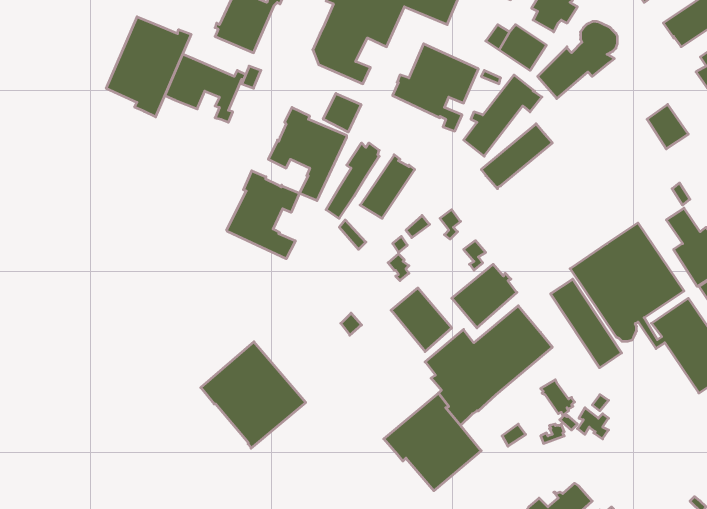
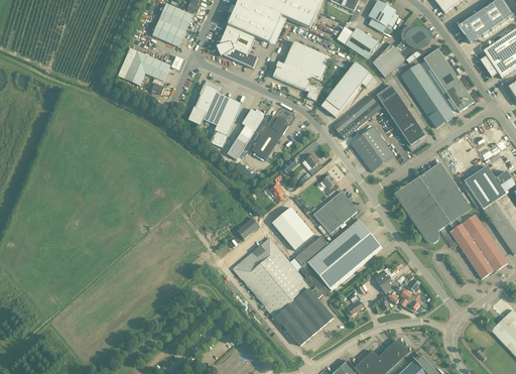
building: [106,17,191,117] -> none
building: none -> [419,48,460,92]
building: none -> [400,63,454,127]
building: [323,93,361,132] -> none
building: none -> [350,126,393,171]
building: [227,171,299,259] -> none
building: [551,279,622,368] -> [376,85,424,145]
building: [201,342,306,448] -> [232,237,303,309]

